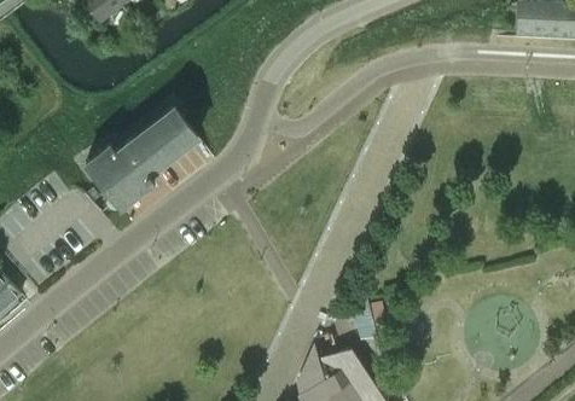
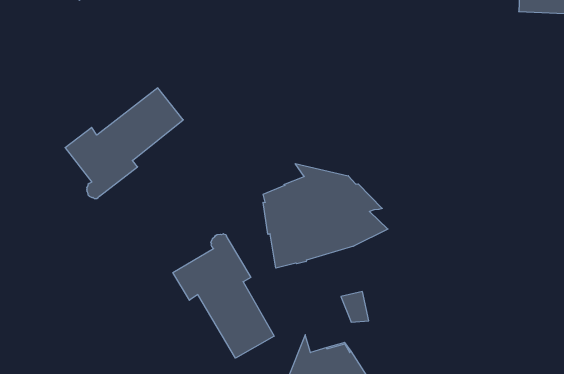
building: none -> [263,164,388,268]
building: none -> [173,234,274,358]

